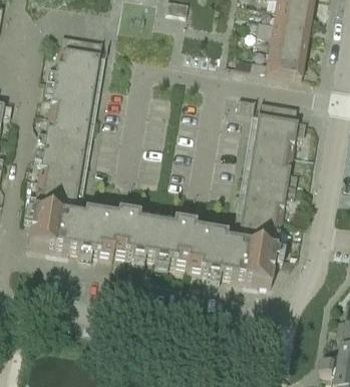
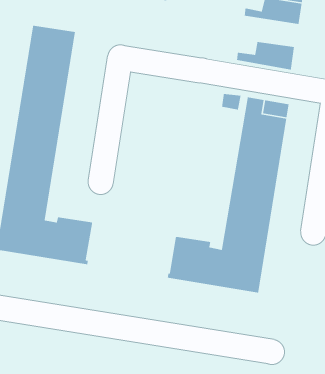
building: [255,26,308,54] -> none
building: [111,212,196,264] -> none

